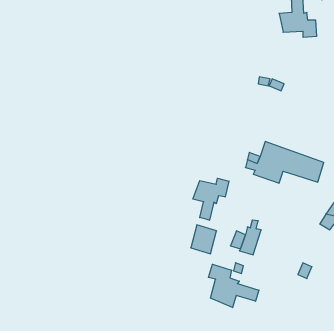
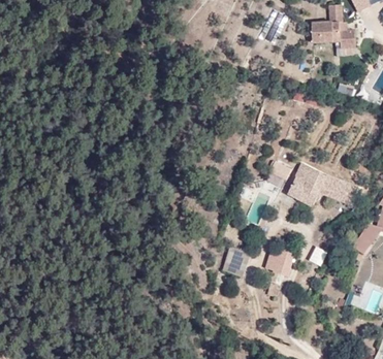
building: [193,178,229,220] -> none
building: [208,264,259,308] -> none

